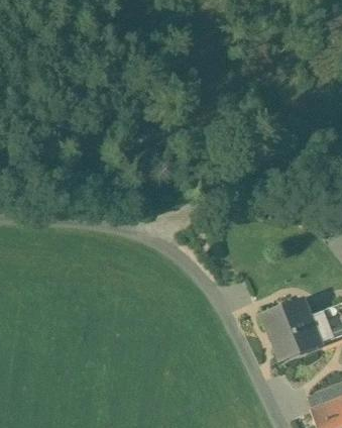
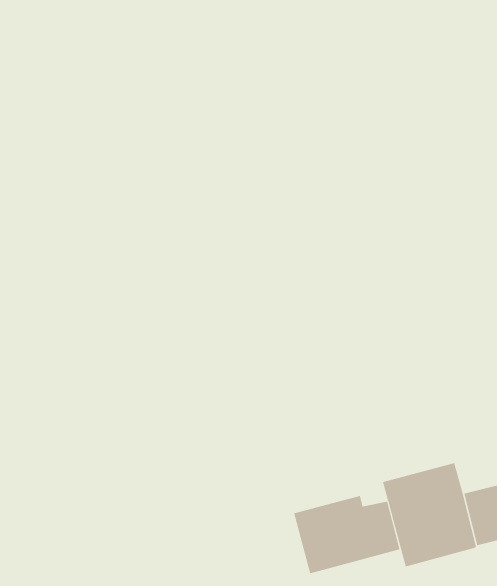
building: none -> [293,495,400,574]

